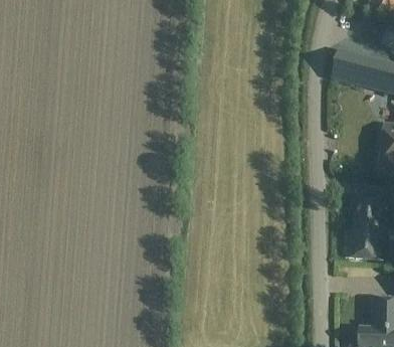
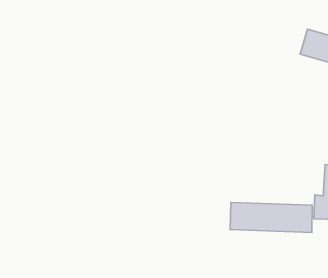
building: none -> [230,202,312,232]

